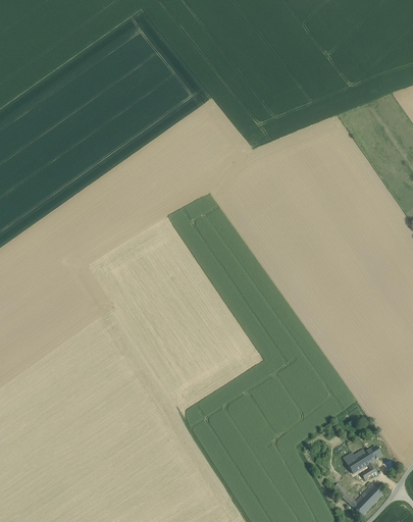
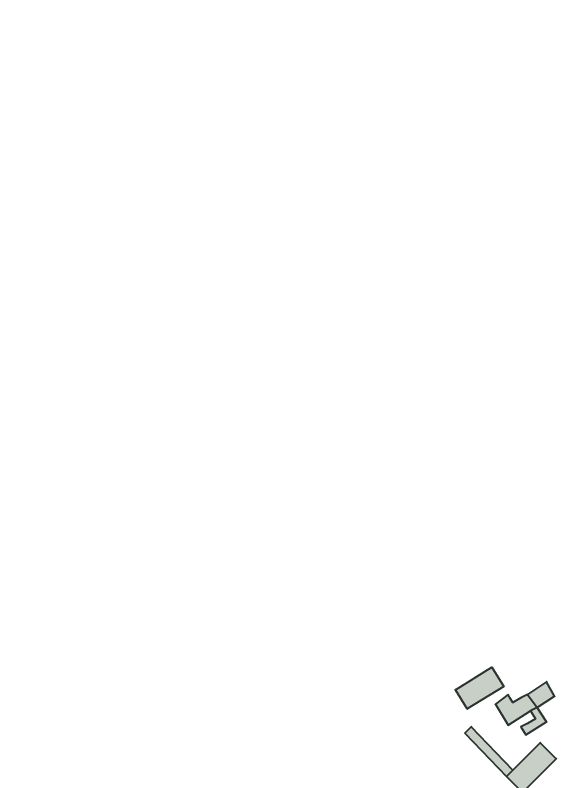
building: none -> [455,667,504,709]

